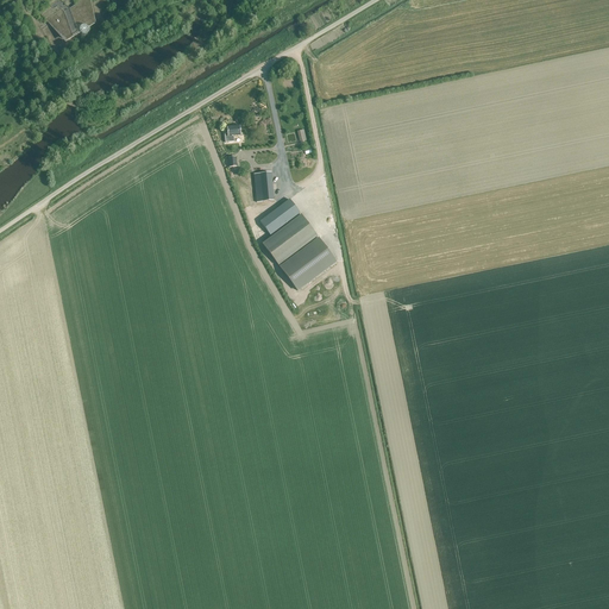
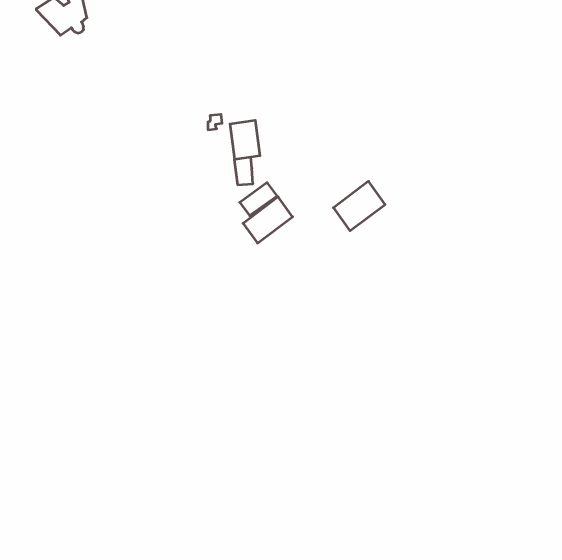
building: none -> [230,120,260,159]
building: [280,236,335,289] -> [333,181,385,231]

